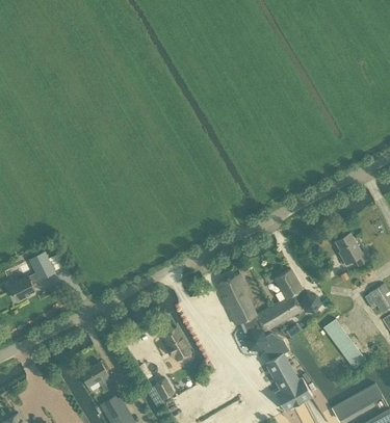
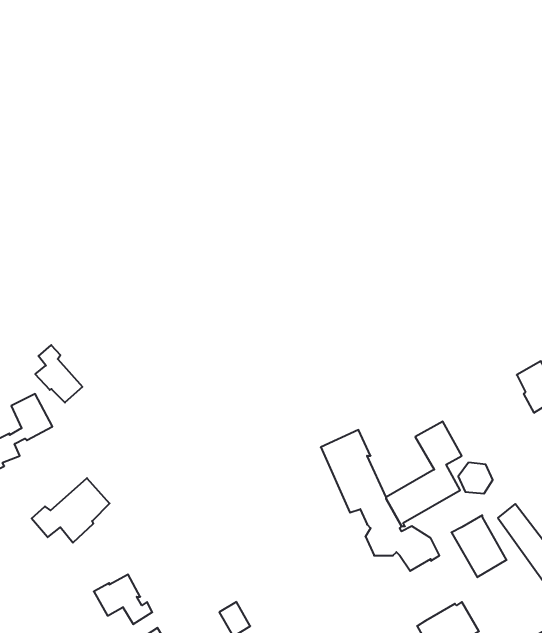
building: none -> [35,345,82,403]
building: none -> [32,478,110,543]
building: [162,327,191,361] -> none
building: [264,352,297,390] -> [451,515,507,577]

